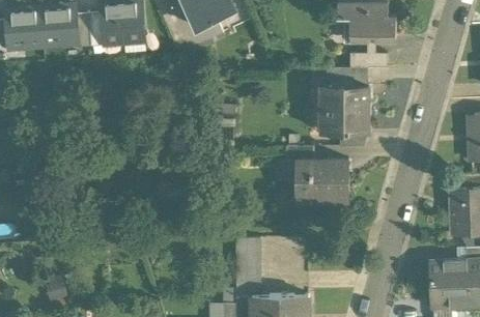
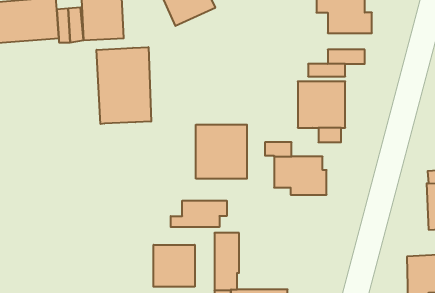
building: none -> [97,47,151,124]
building: none -> [196,125,247,179]
building: none -> [171,201,227,227]
building: none -> [153,245,195,287]

